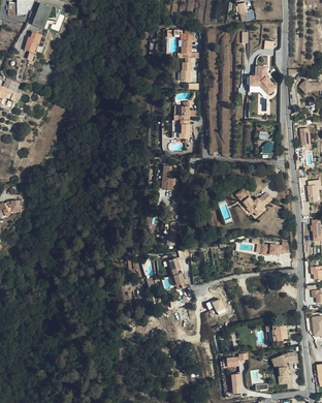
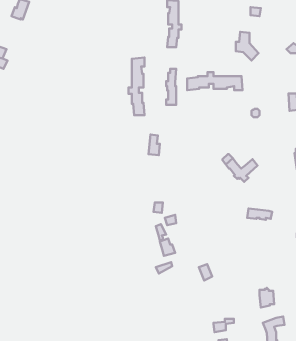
building: none -> [128,58,145,115]
building: none -> [187,72,243,90]

